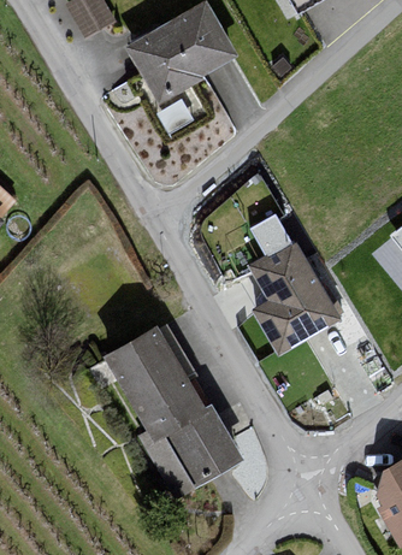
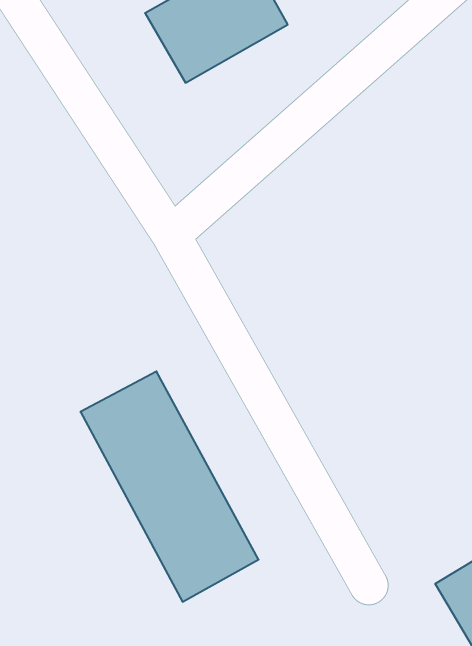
building: [235,232,327,349] -> none

